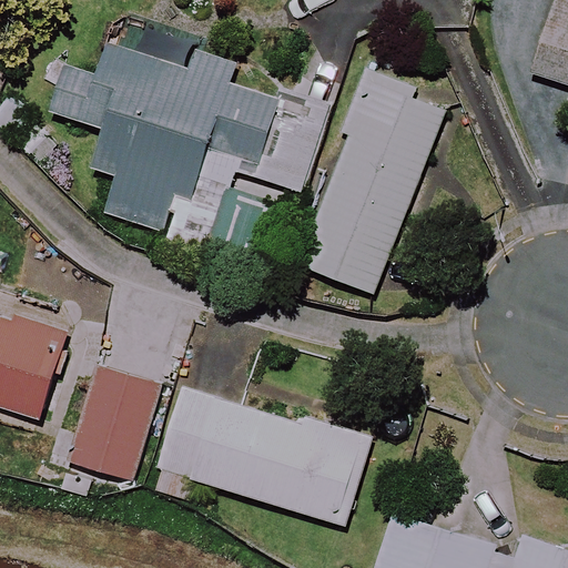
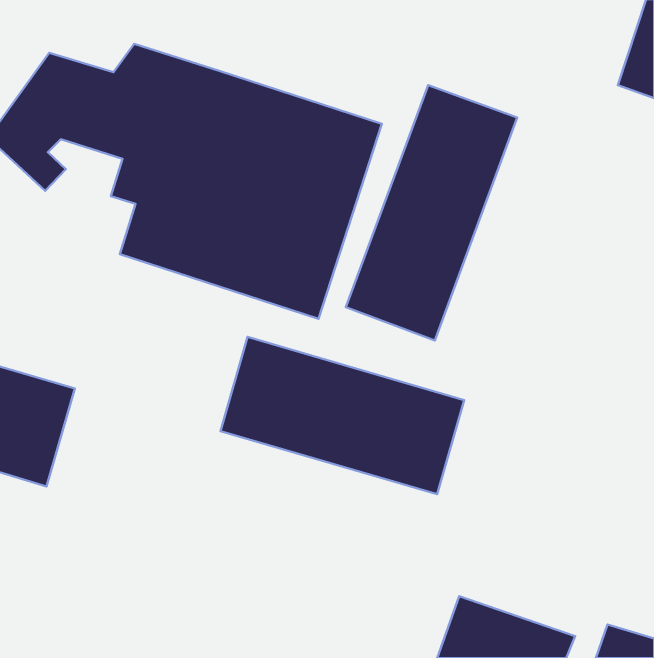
building: [70,369,159,480] -> none
building: [159,387,368,523] -> [221,337,464,494]

